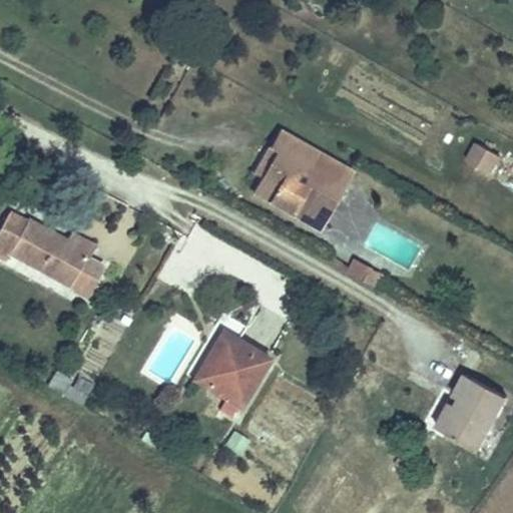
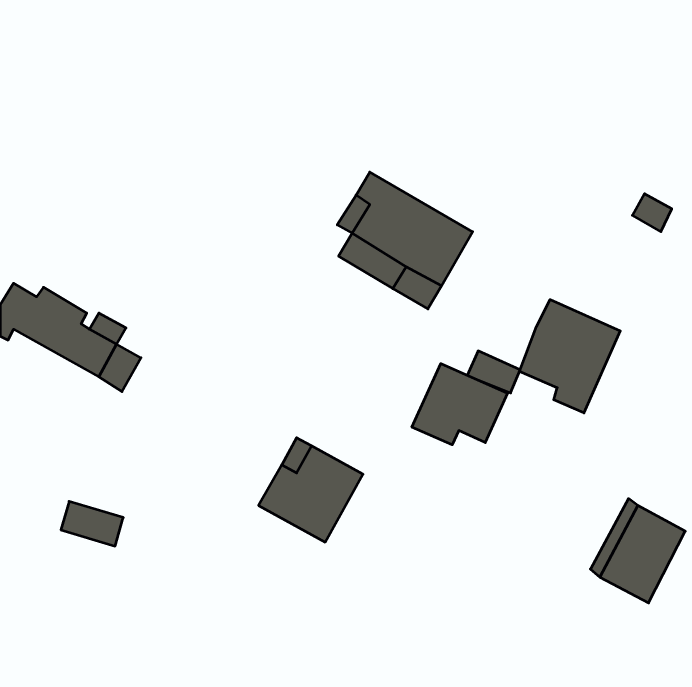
building: none -> [519,300,620,413]
building: none -> [412,364,507,445]

